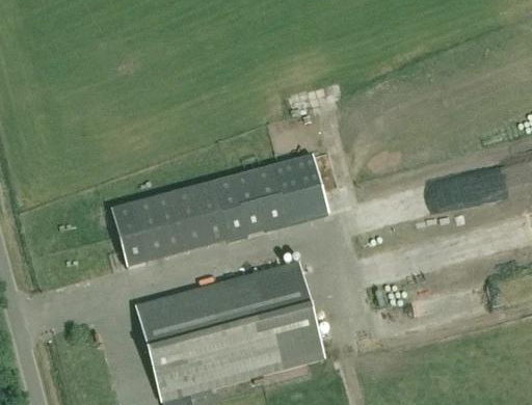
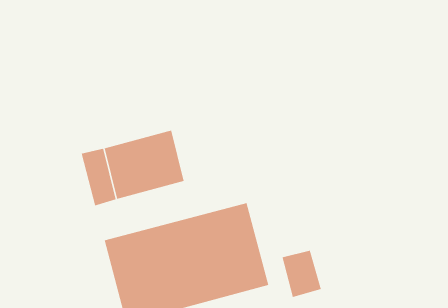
building: [214,155,329,239] -> none
building: none -> [282,250,321,298]

